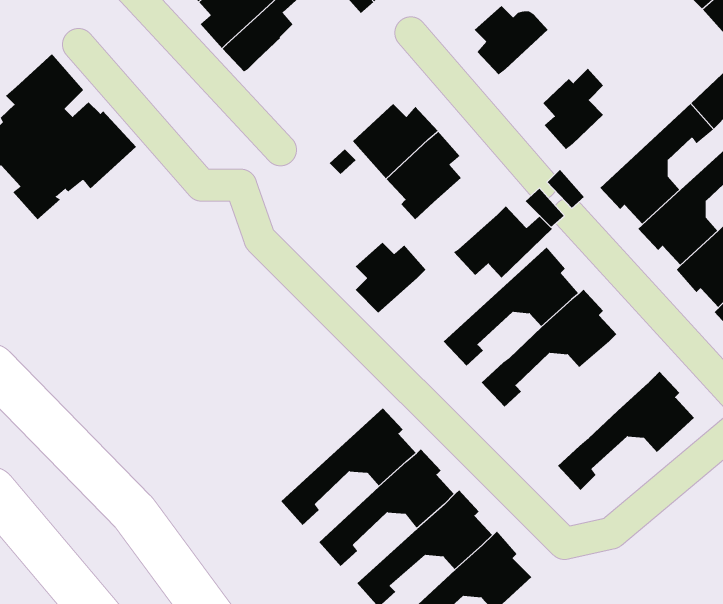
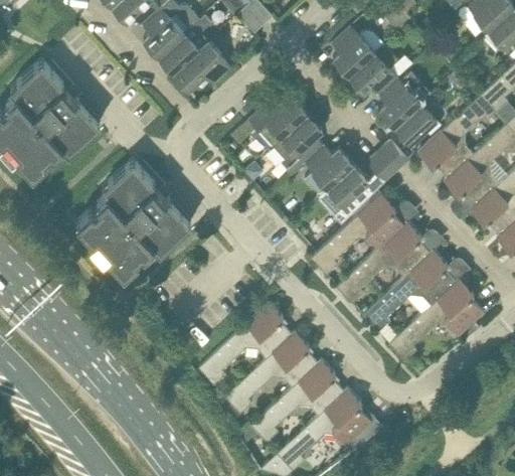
building: none -> [174,41,231,91]
building: none -> [349,45,398,96]
building: none -> [395,104,442,144]
building: none -> [76,161,191,276]
building: [355,242,427,313] -> [305,147,354,196]
building: none -> [363,252,457,333]

